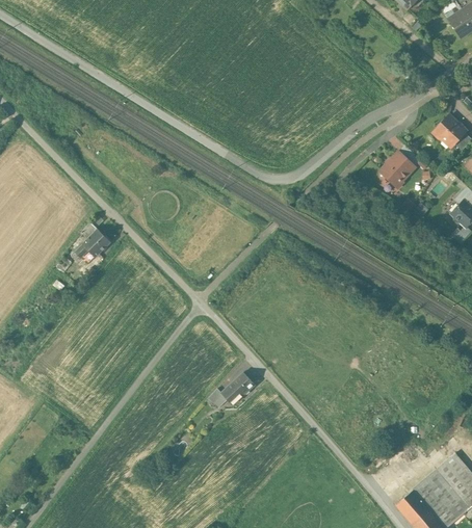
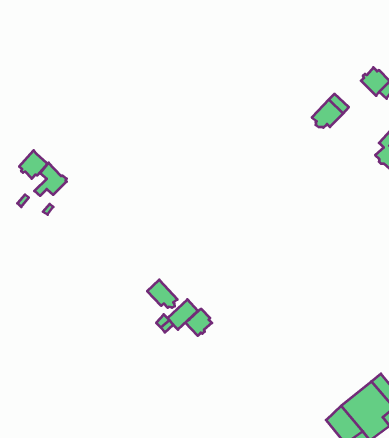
building: none -> [19,150,47,179]
building: none -> [147,280,177,308]
building: none -> [185,309,212,336]

